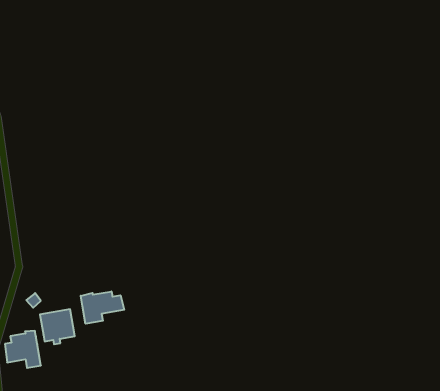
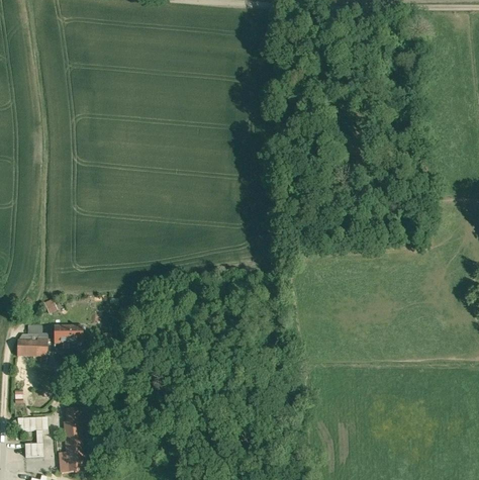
building: [81,291,124,324] -> none

